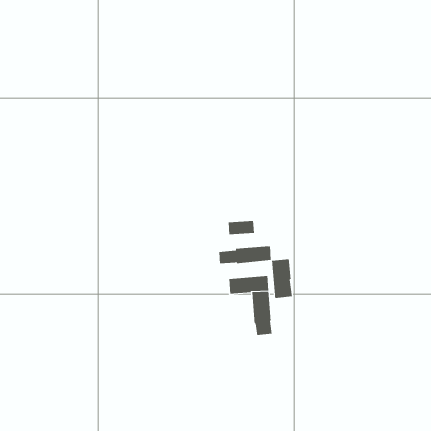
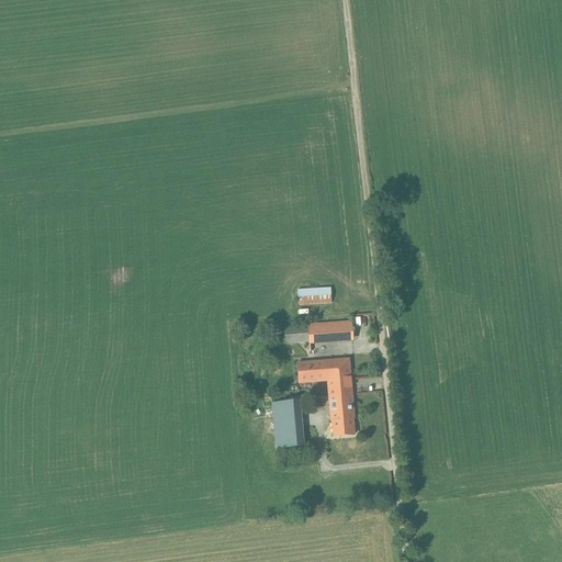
building: [272,258,292,299] -> none
building: none -> [273,398,304,447]

